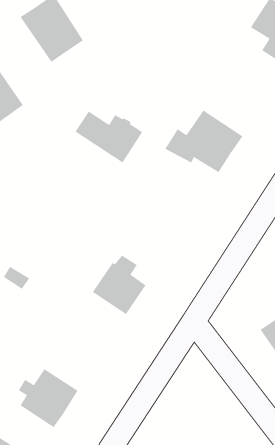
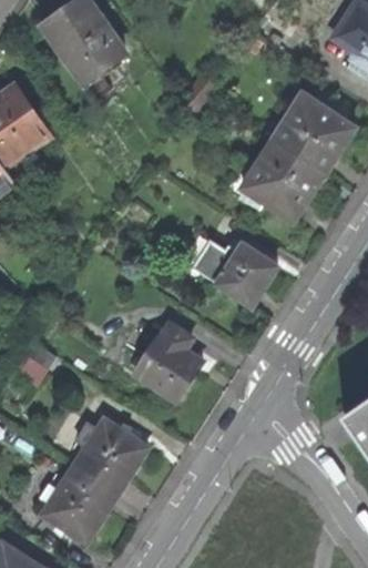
building: none -> [274,94,355,174]
building: [74,110,143,163] -> [192,240,278,306]
building: none -> [74,418,149,494]

